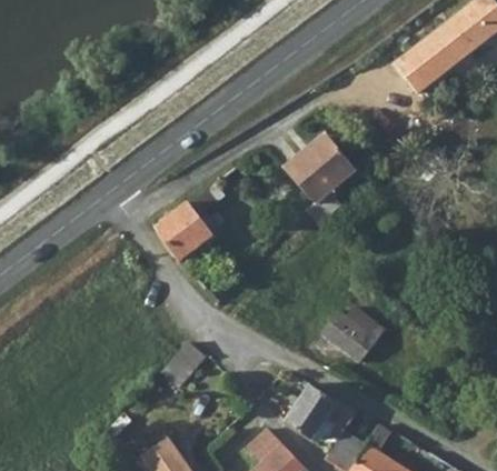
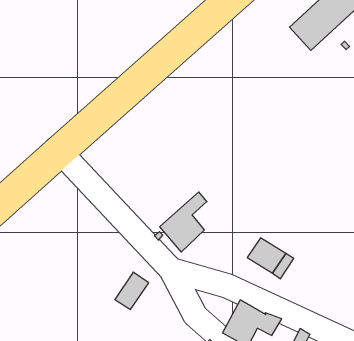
building: [286,138,354,204] -> none
building: [155,190,213,260] -> [160,192,207,252]

